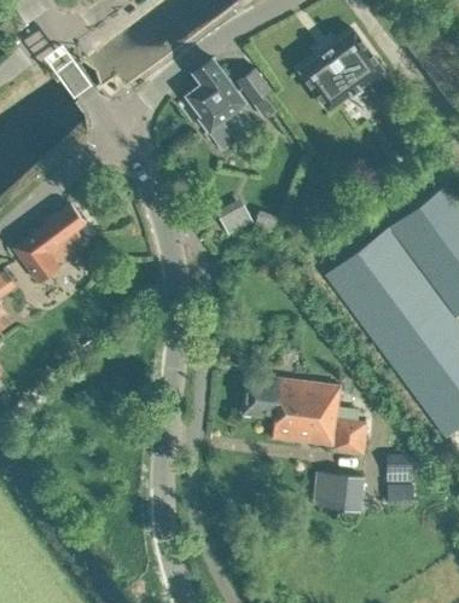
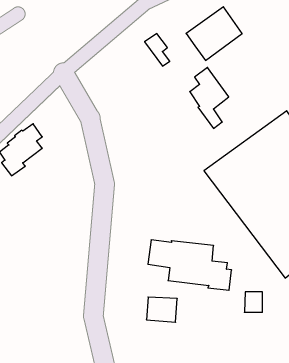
building: [186,59,244,150] -> [190,67,229,128]
building: [215,198,255,238] -> none
building: [316,469,362,506] -> [146,297,177,322]

